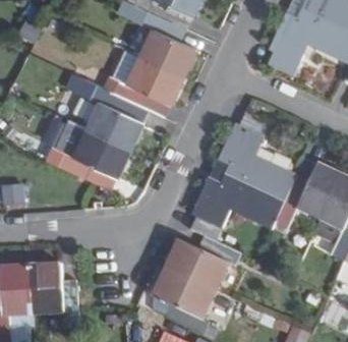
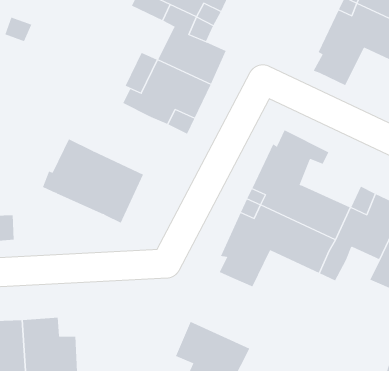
building: [67,72,142,148] -> none
building: [167,232,240,289] -> none

